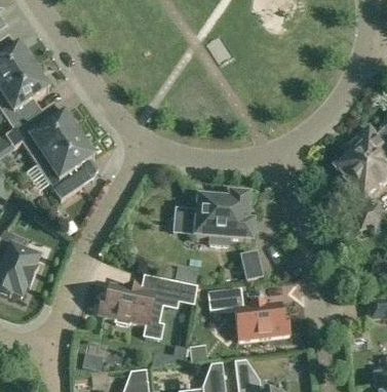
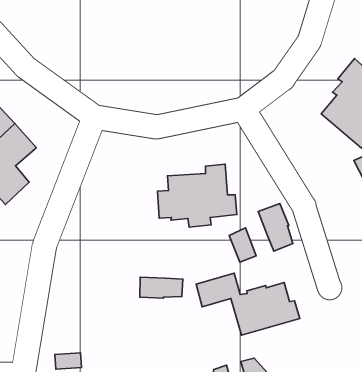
building: none -> [258,203,293,251]
building: [99,282,164,339] -> none

